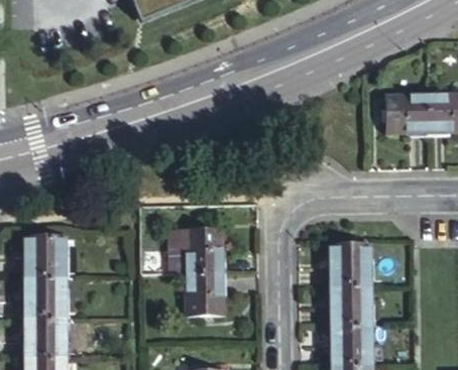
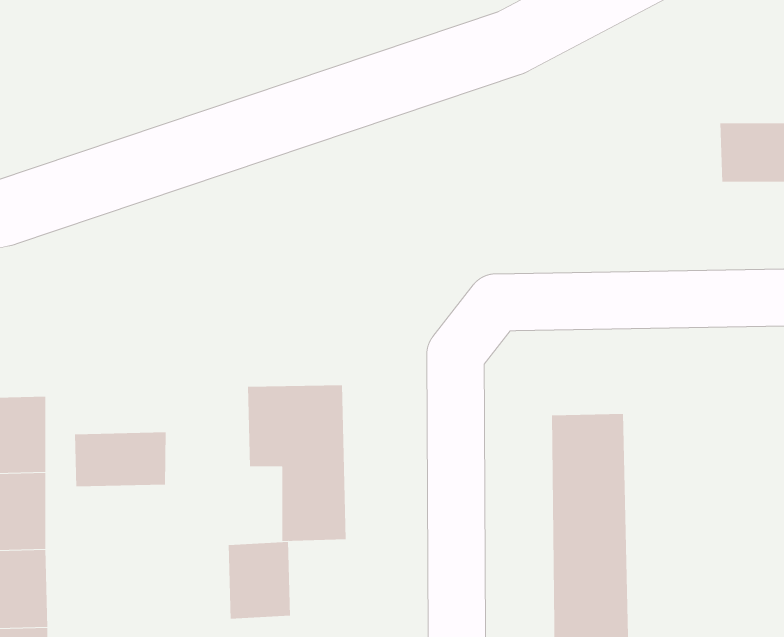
building: [375,95,421,126] -> none
building: none -> [75,432,166,487]
building: none -> [228,541,290,619]

